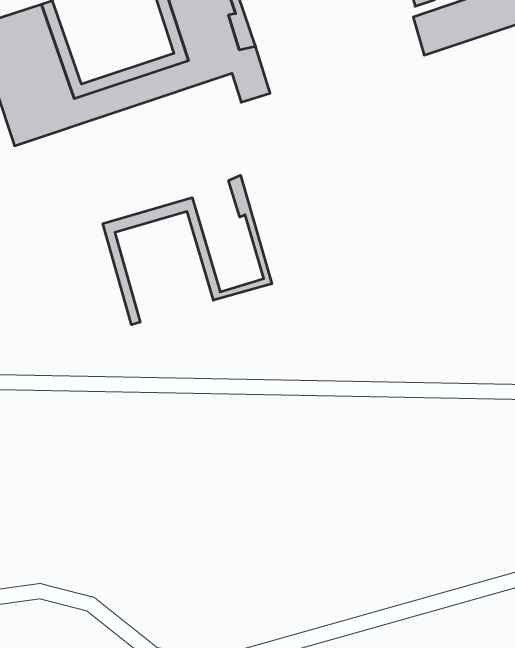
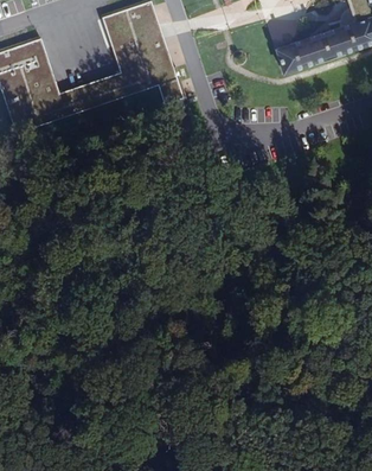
building: [103,175,272,325] -> none

